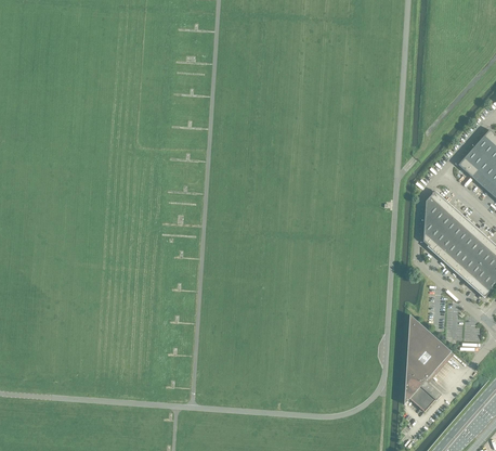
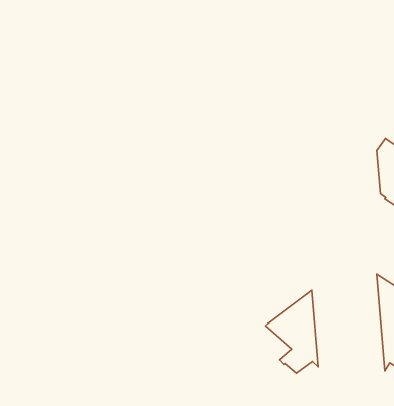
building: none -> [265,290,318,373]

